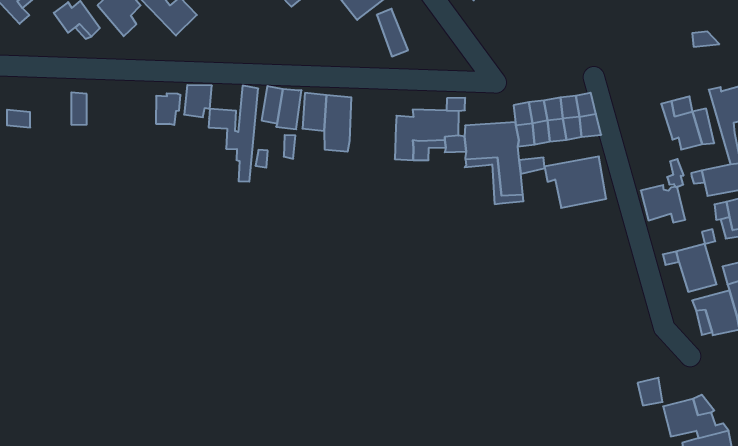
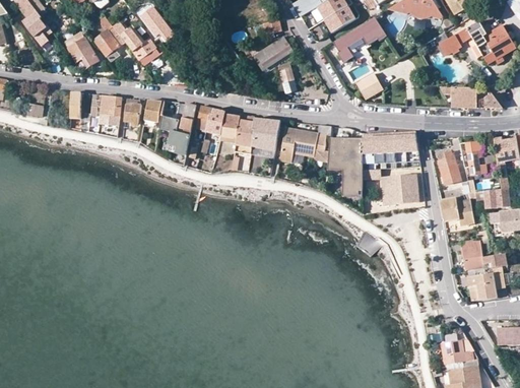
building: none -> [355,72,384,100]
building: none -> [440,86,476,108]
building: none -> [90,93,123,125]
building: none -> [252,118,279,150]
building: none -> [437,150,462,185]

